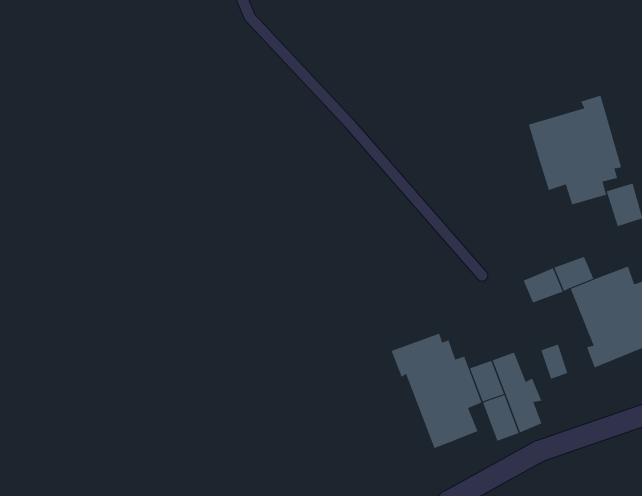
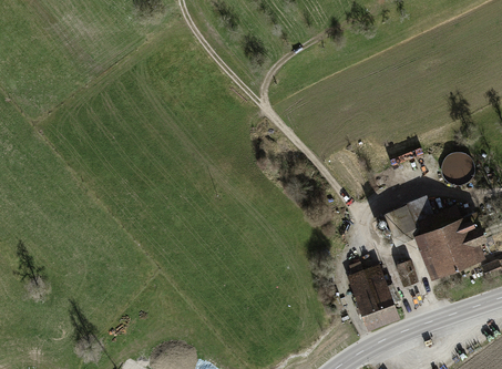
building: [528,95,622,205] -> none
building: [391,333,482,449] -> none

